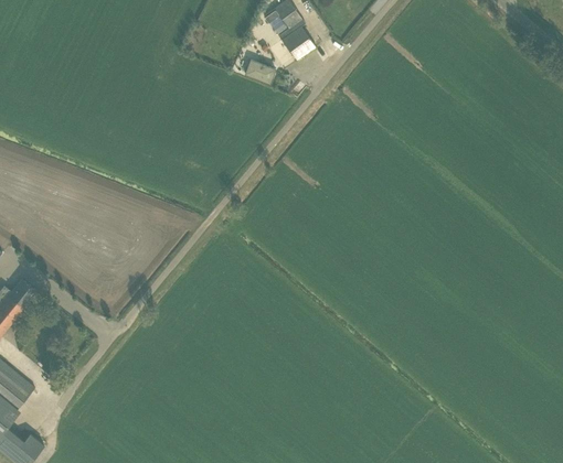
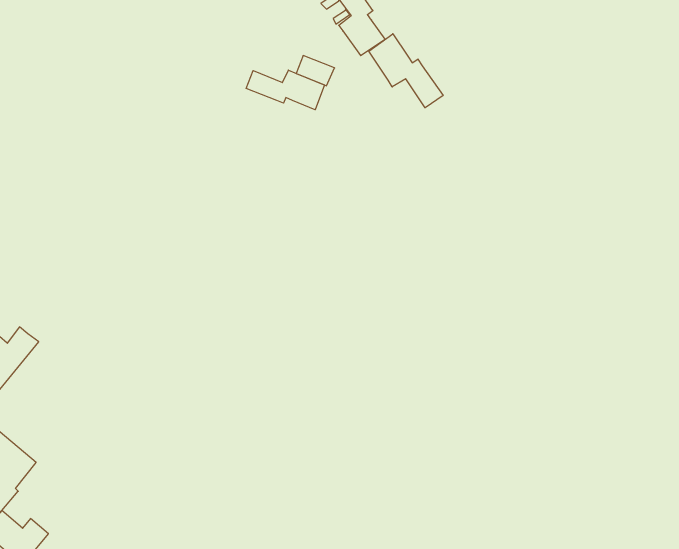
building: none -> [369,34,443,108]
building: none -> [246,70,324,110]

